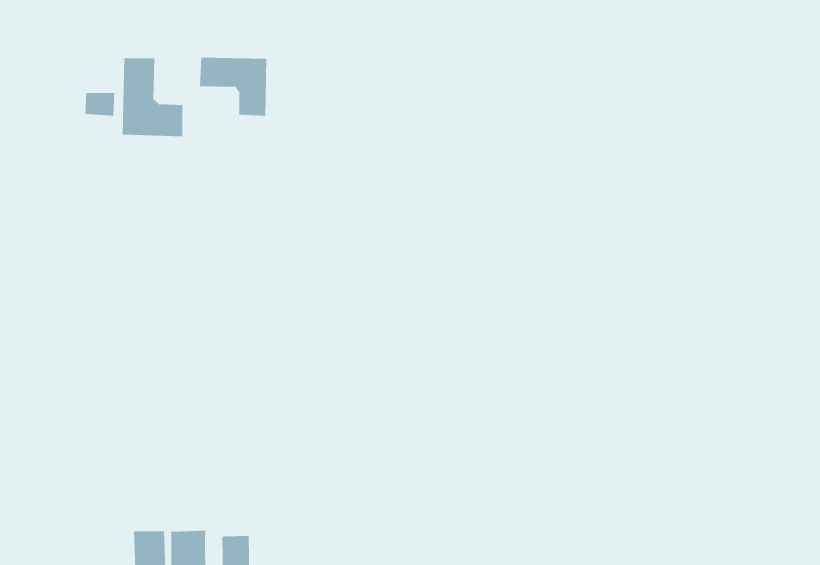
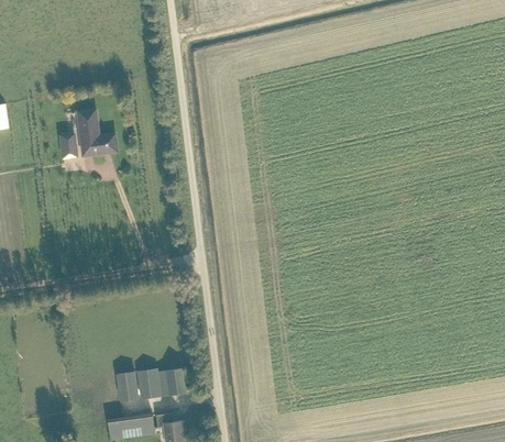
building: [199,57,267,117] -> none

